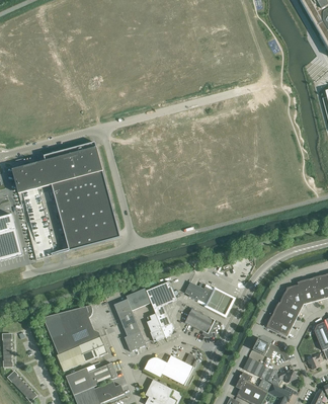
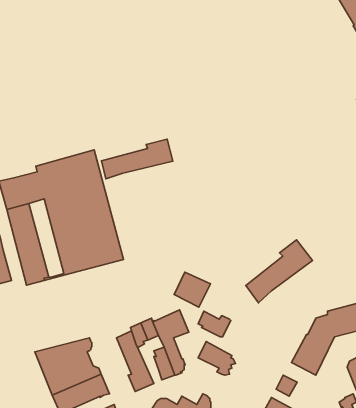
building: none -> [102,139,173,179]
building: none -> [246,240,312,303]
building: [204,286,236,316] -> [174,272,210,307]

